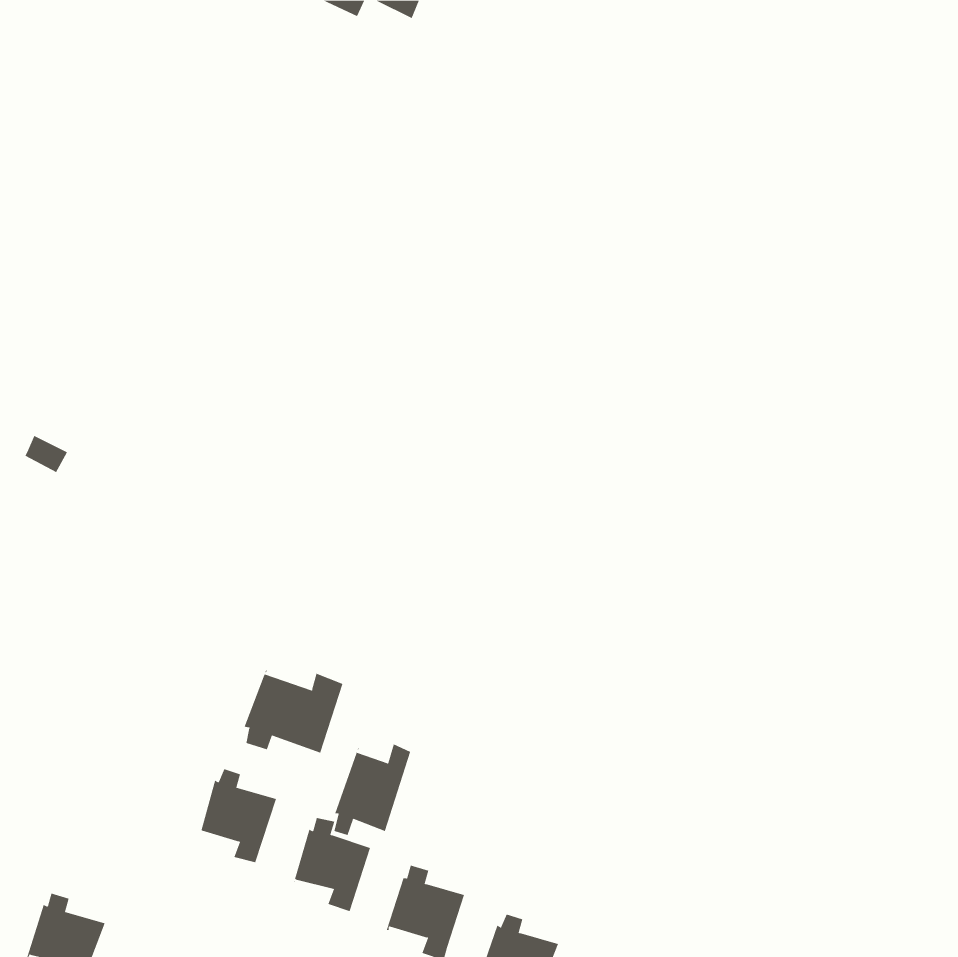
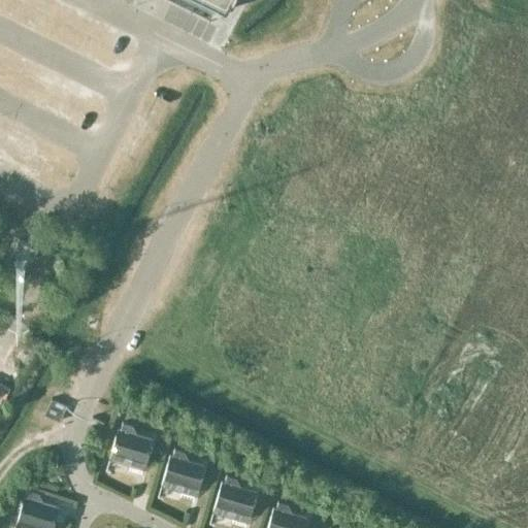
building: [244,669,343,753] -> none
building: [334,744,411,836] -> none

